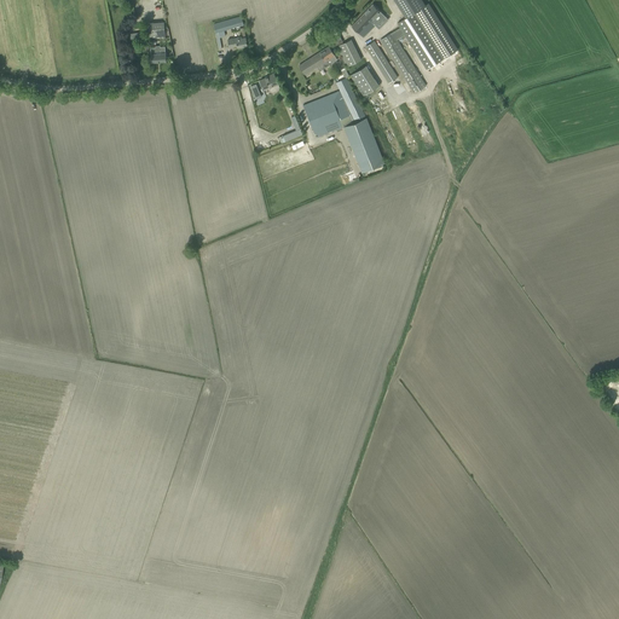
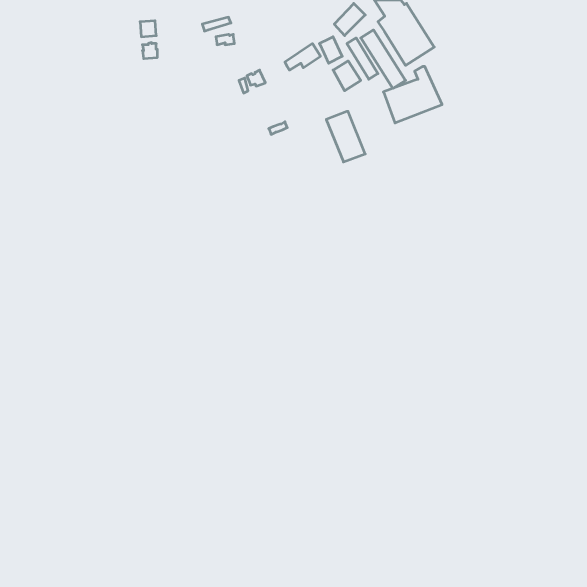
building: [303,77,365,137] -> [383,67,442,123]

